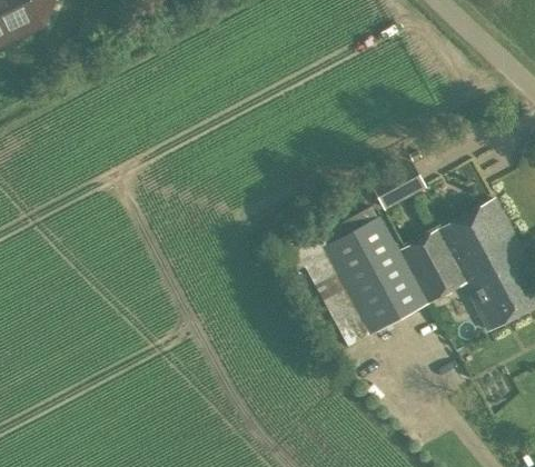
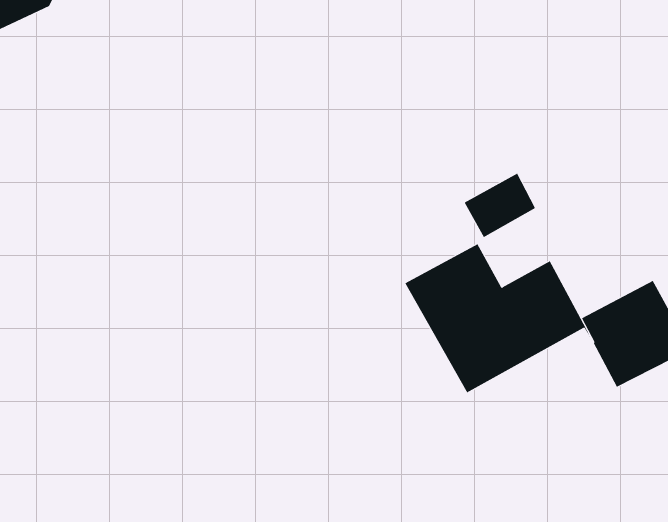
building: [437,199,518,275] -> none

